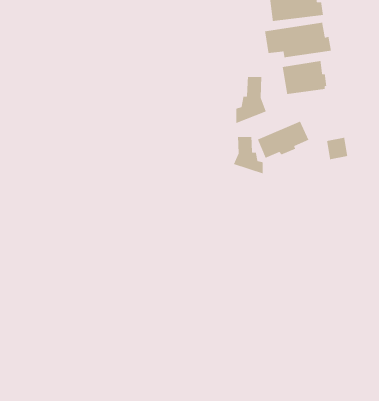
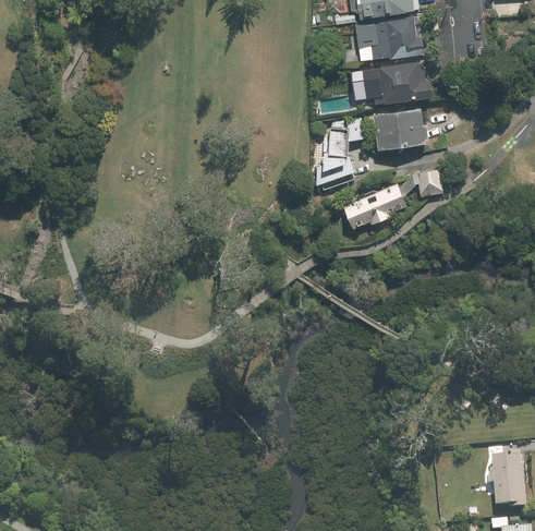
building: [233,136,263,175] -> none
building: [326,137,348,160] -> [415,166,442,194]

